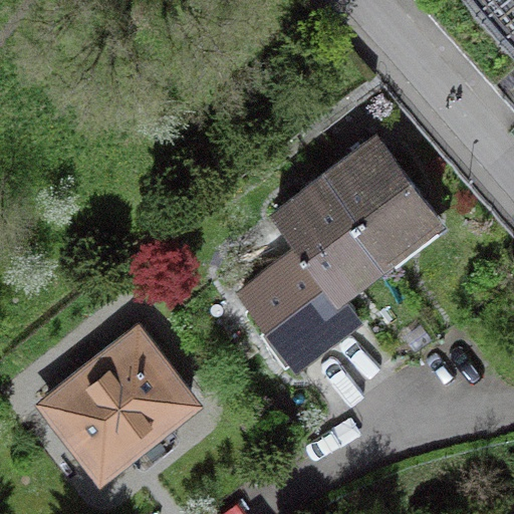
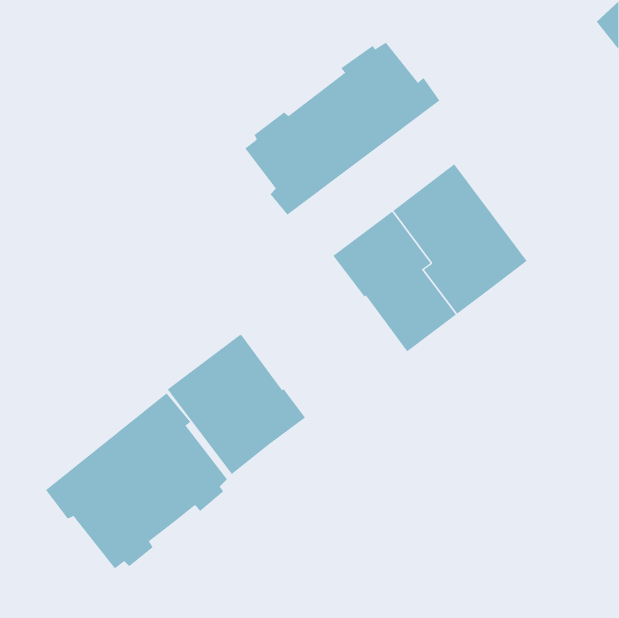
building: none -> [244,42,440,215]
building: [240,248,354,364] -> [167,333,306,475]

